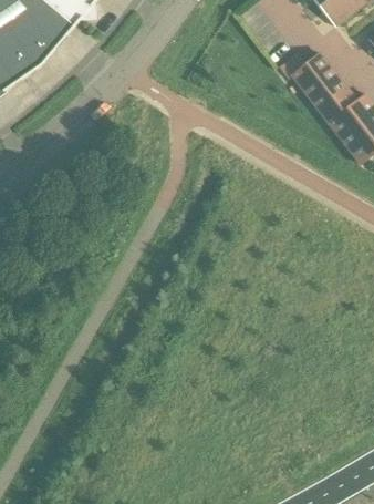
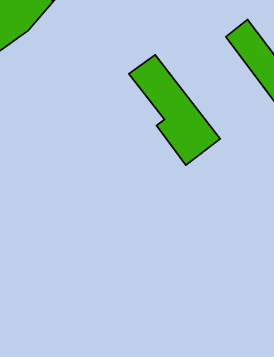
building: none -> [129,55,220,165]

